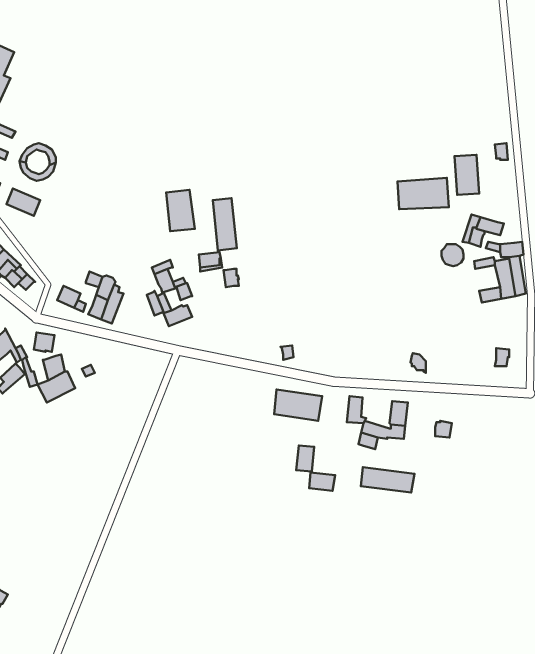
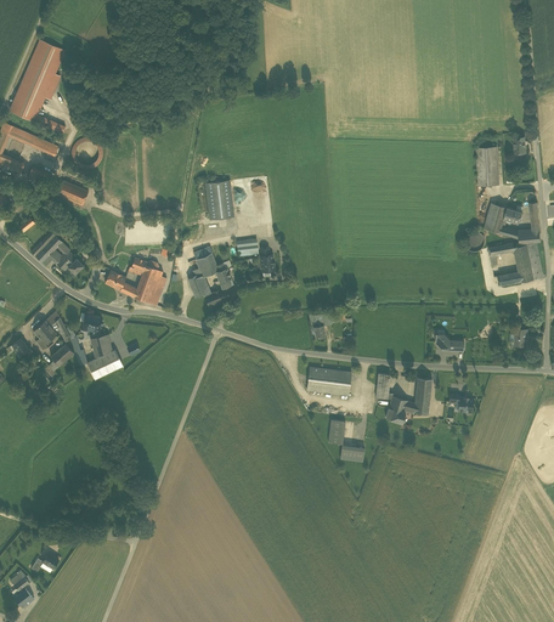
building: [397,178,449,209] -> none
building: [213,198,237,250] -> none
building: [361,467,415,492] -> none

